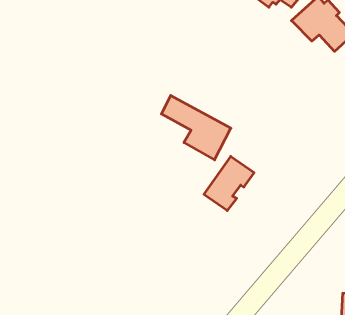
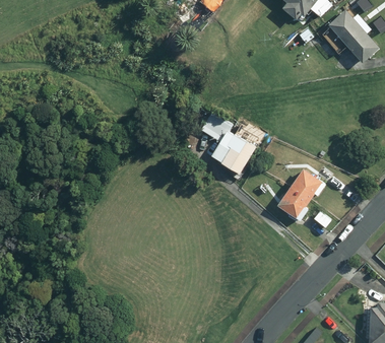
building: [204,156,254,211] -> [278,166,328,220]

